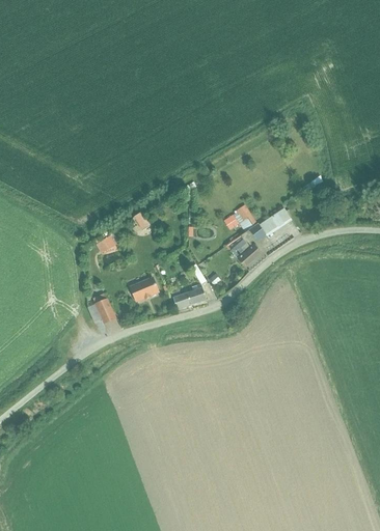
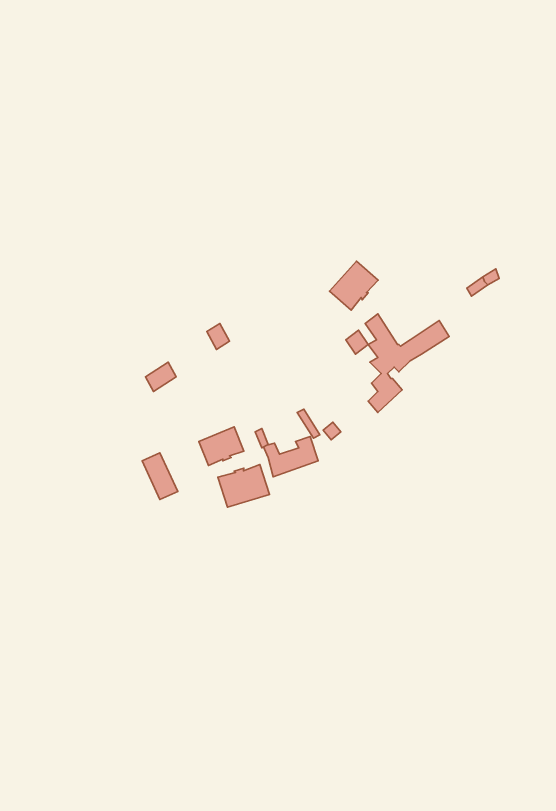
building: none -> [330,261,378,310]
building: none -> [218,464,269,507]

